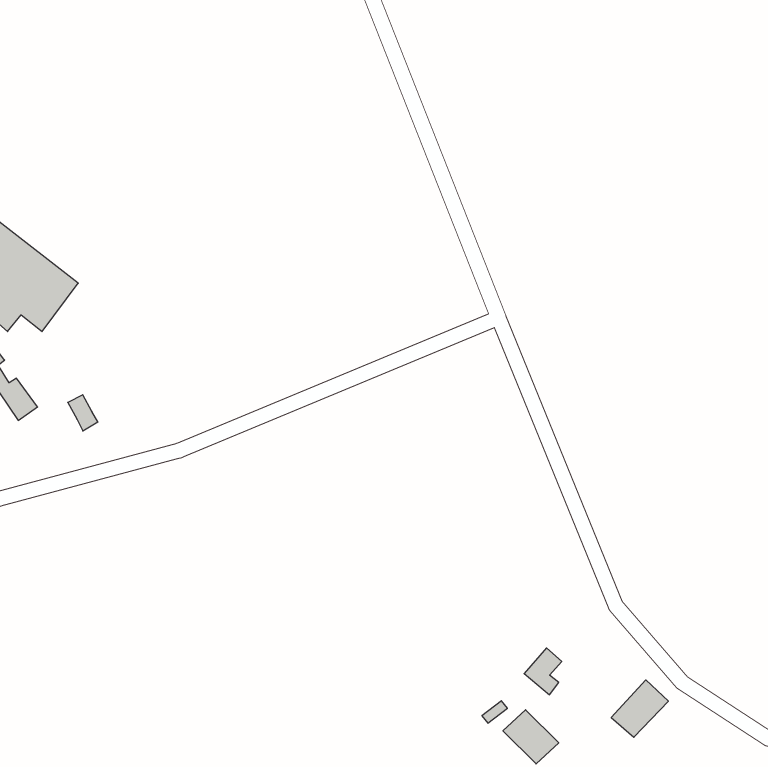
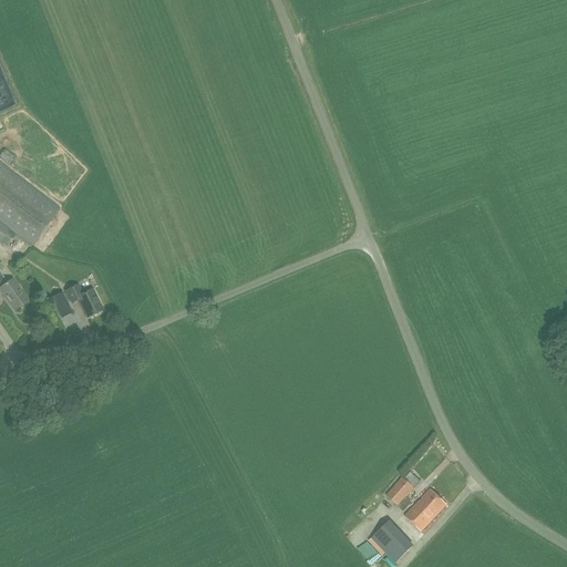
building: none -> [63,282,103,317]
building: [611,680,668,737] -> [404,488,446,530]

